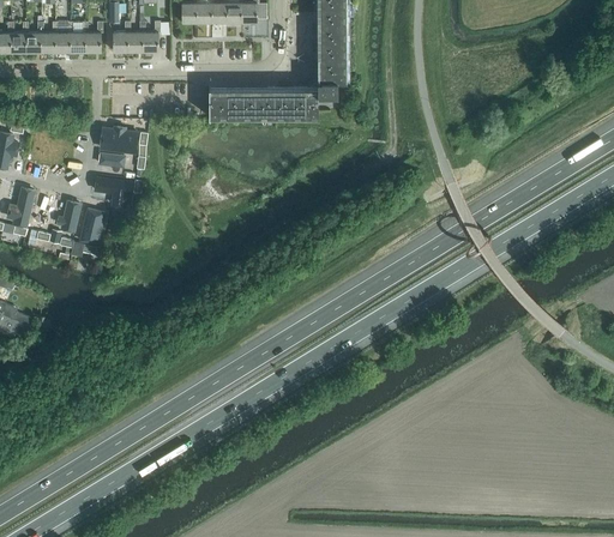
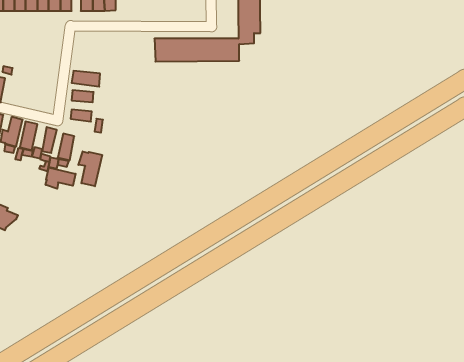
building: none -> [78,151,102,186]
building: none -> [46,168,76,189]

